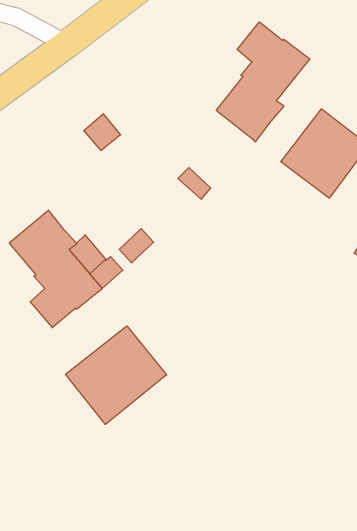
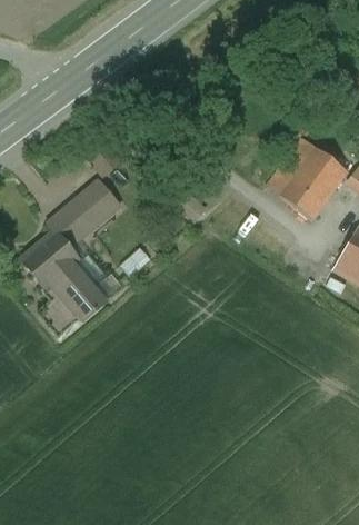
building: [216,22,310,142] -> none
building: none -> [49,179,120,247]
building: [66,326,167,424] -> none

